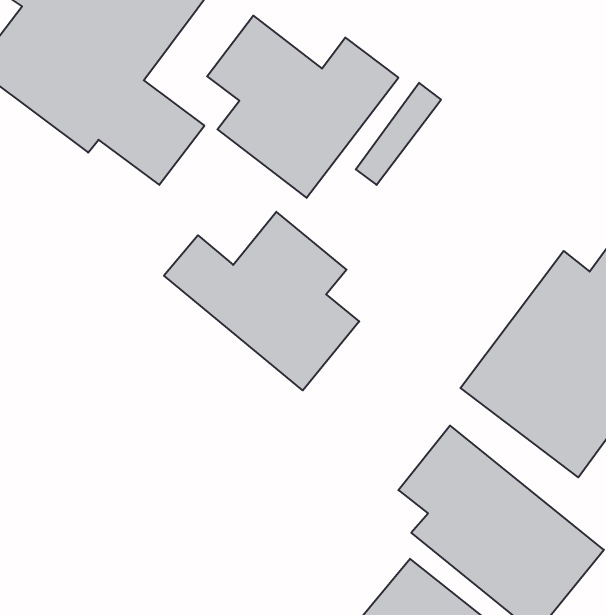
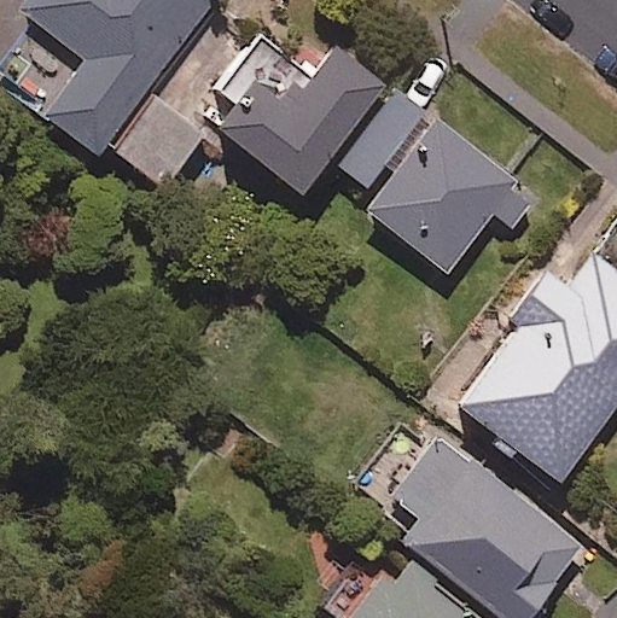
building: none -> [371,126,542,282]
building: [164,212,359,390] -> none

